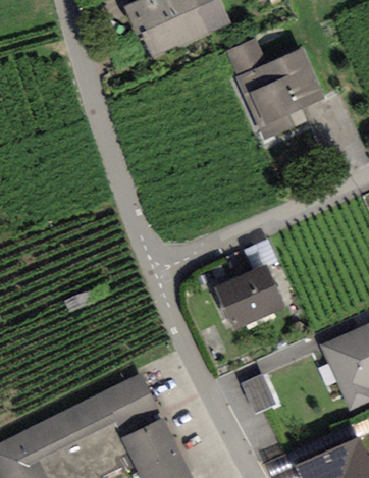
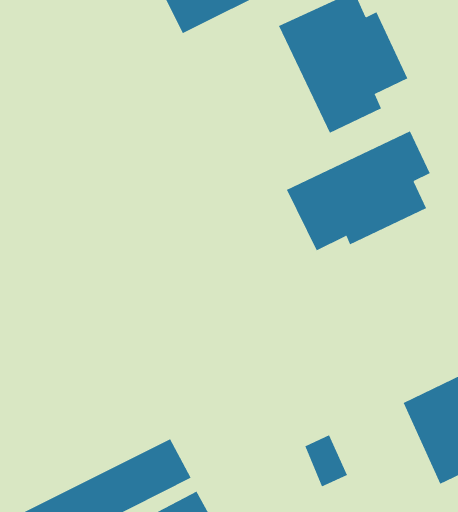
building: none -> [286,131,431,251]
building: [213,263,282,328] -> none

